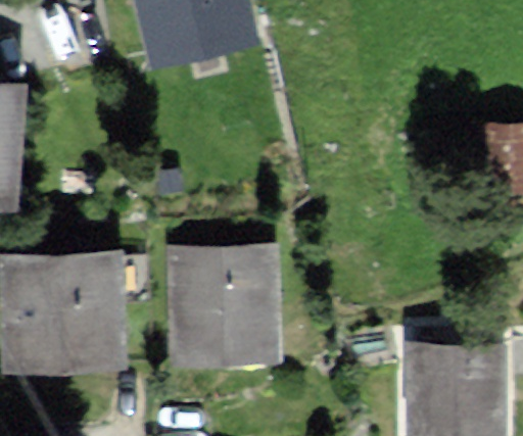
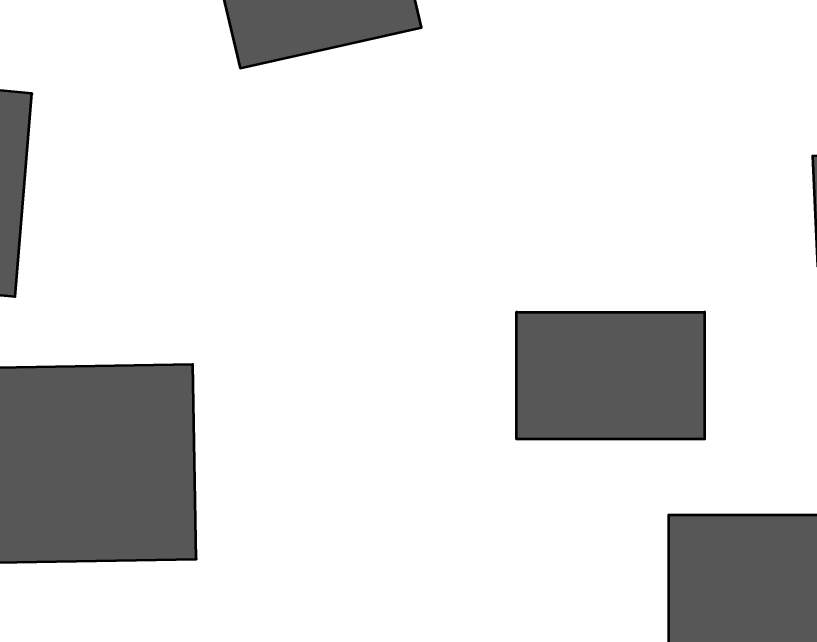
building: none -> [517,312,705,439]
building: [167,245,278,365] -> none

